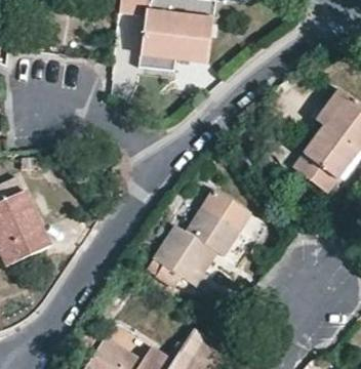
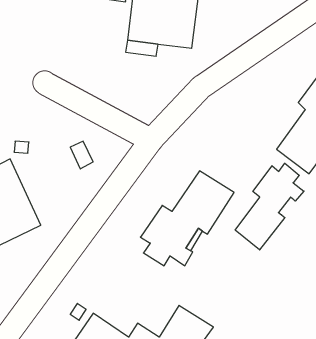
building: none -> [235,163,304,250]

